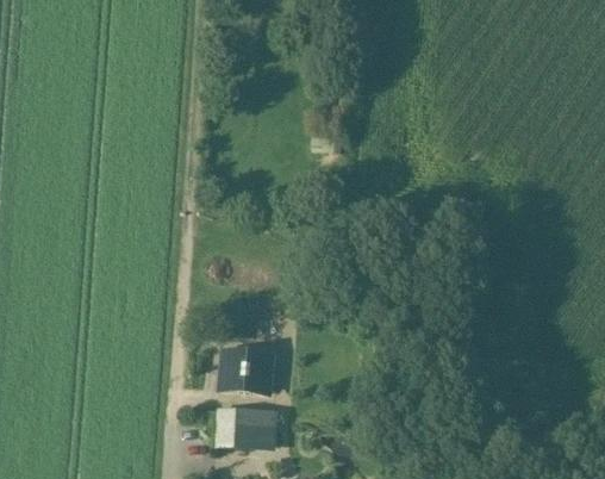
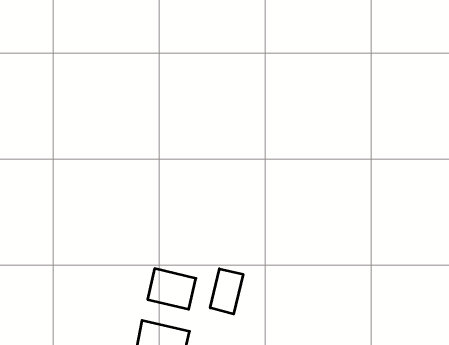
building: none -> [210,269,243,314]

